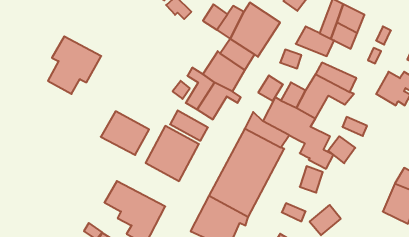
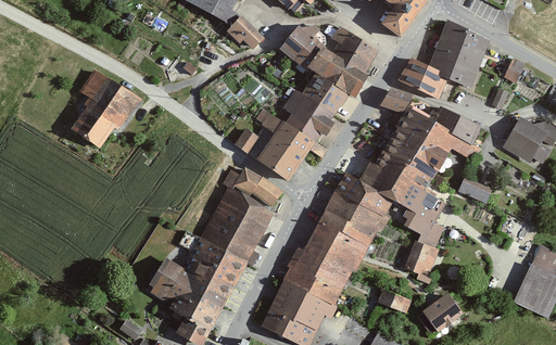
building: [258,75,283,101] -> [393,108,426,142]
building: [101,111,149,155] -> [181,238,245,295]
building: [328,136,355,163] -> none

